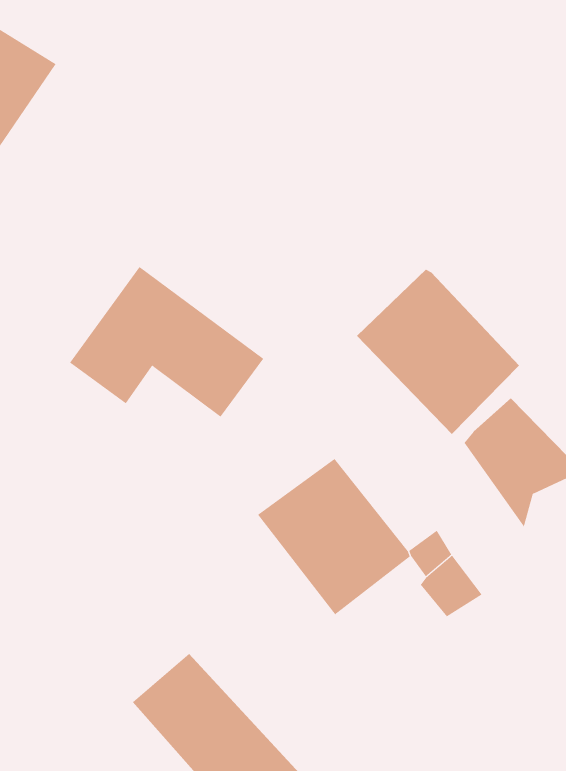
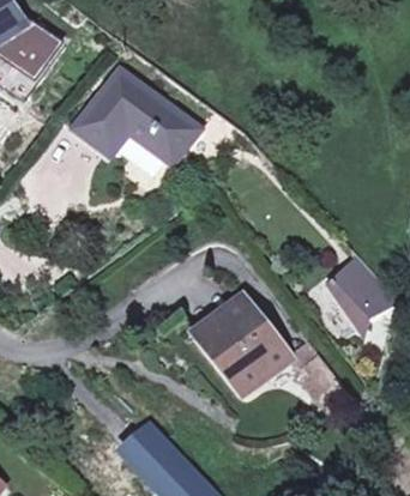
building: [69,266,264,418] -> [76,71,199,167]
building: [356,269,520,435] -> none

